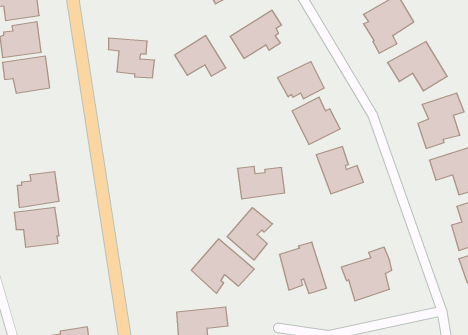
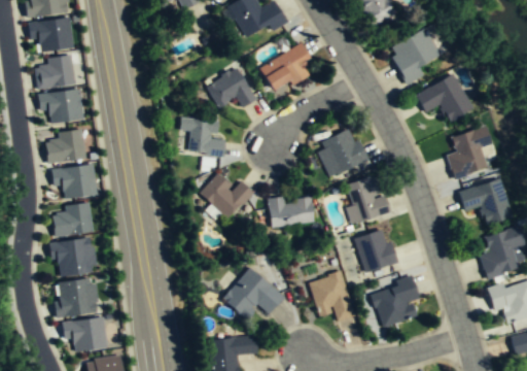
building: [108,38,155,78] -> [181,119,226,158]
building: [278,62,324,99] -> none
building: none -> [45,129,86,165]
building: none -> [51,164,98,199]
building: none -> [200,174,254,218]
building: none -> [355,230,399,274]
building: [227,208,273,260] -> none
building: none -> [55,278,98,317]
building: none -> [63,316,109,351]

